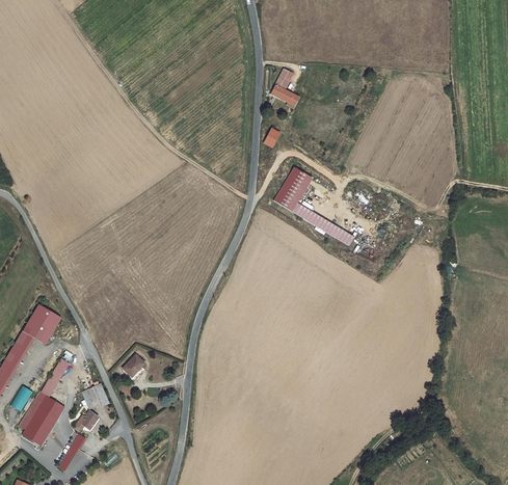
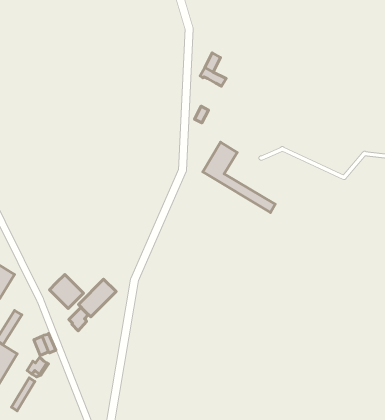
building: none -> [50,274,84,308]
building: none -> [78,279,116,317]

